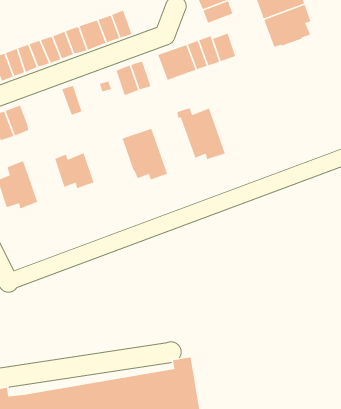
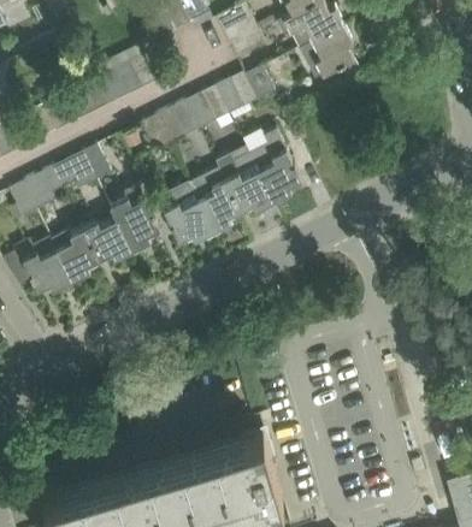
building: none -> [64,150,98,189]
building: none -> [250,129,301,201]
building: none -> [189,167,241,231]
building: none -> [110,190,160,250]
building: none -> [58,229,99,279]

